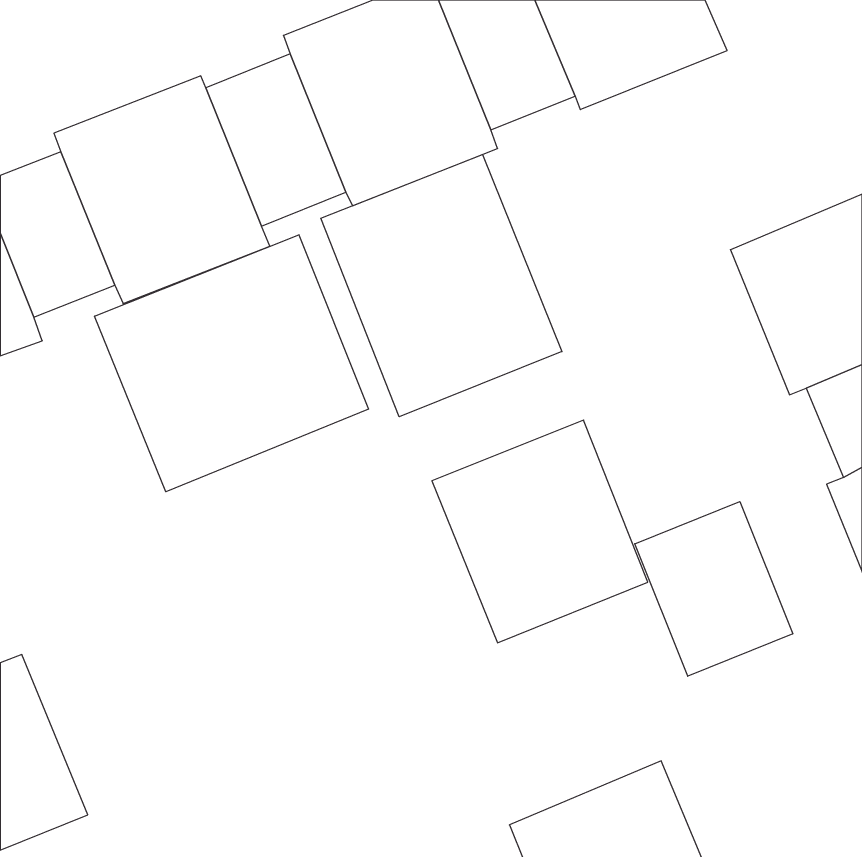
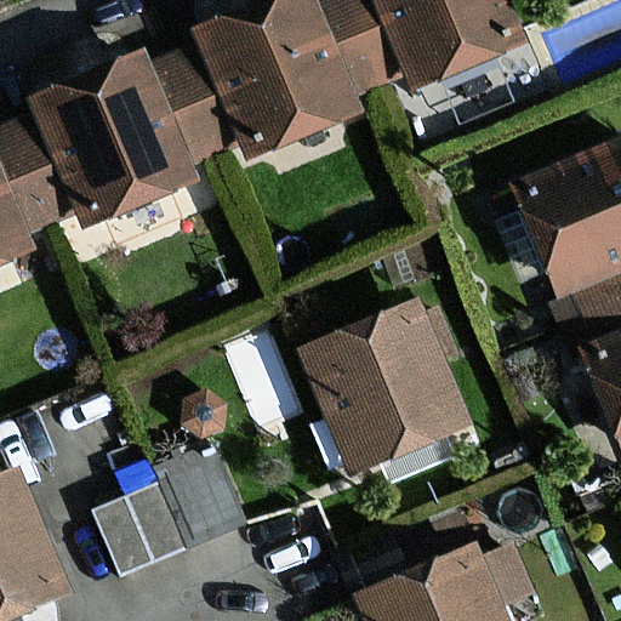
building: [321,155,562,417] -> none
building: [95,235,368,492] -> none
building: [635,502,793,676] -> none
building: none -> [96,449,251,564]

